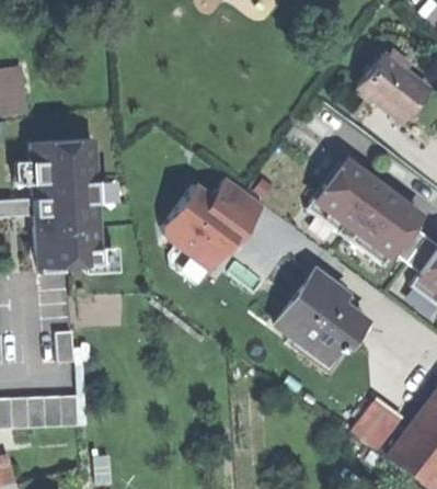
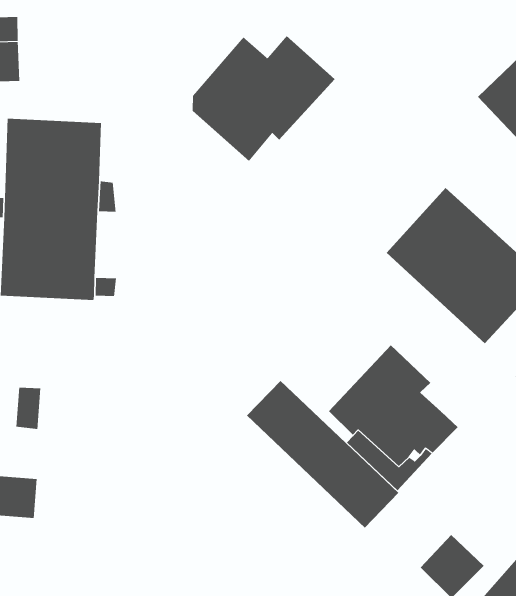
building: [160,177,261,270] -> [192,35,335,162]
building: none -> [246,380,399,529]

